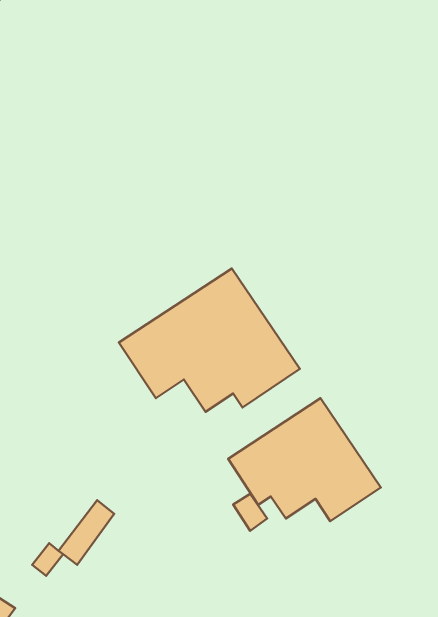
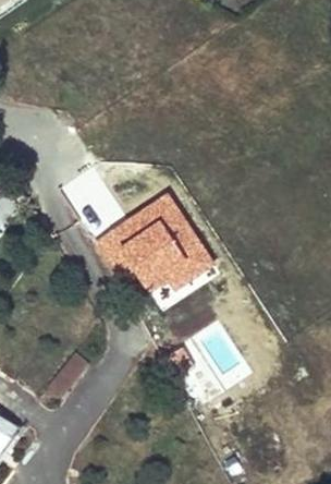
building: [228,398,381,521] -> none

